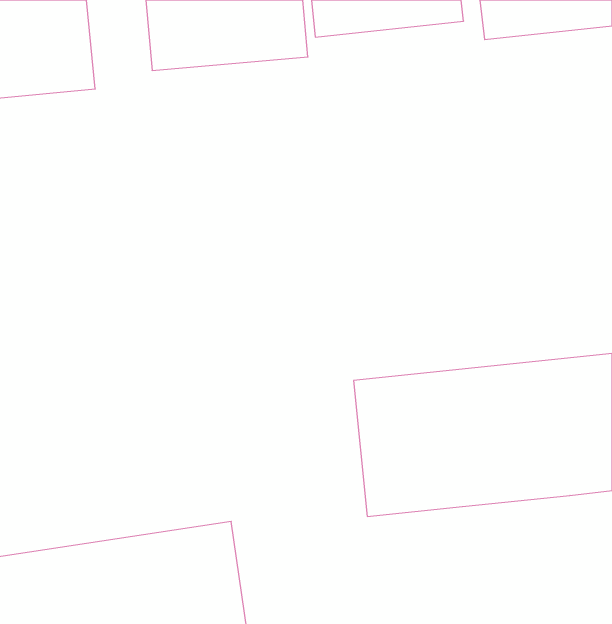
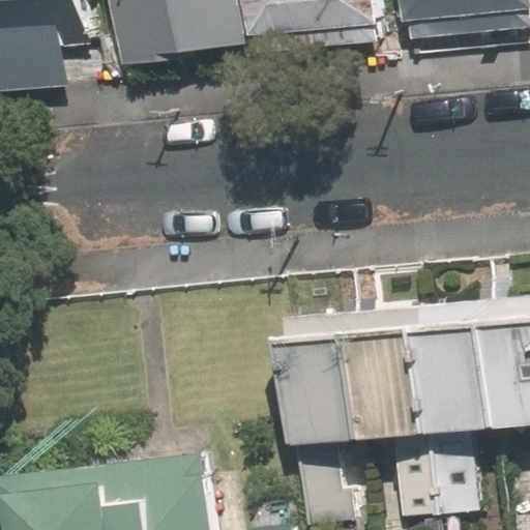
building: none -> [387,421,487,520]

